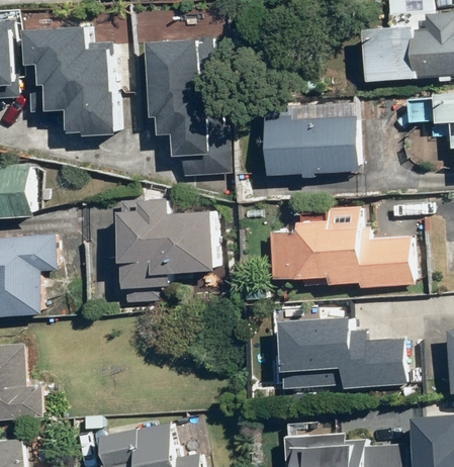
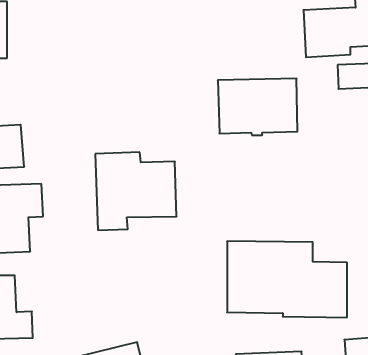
building: [23,28,113,133] -> none
building: [148,40,212,155] -> none
building: [269,221,413,287] -> none

